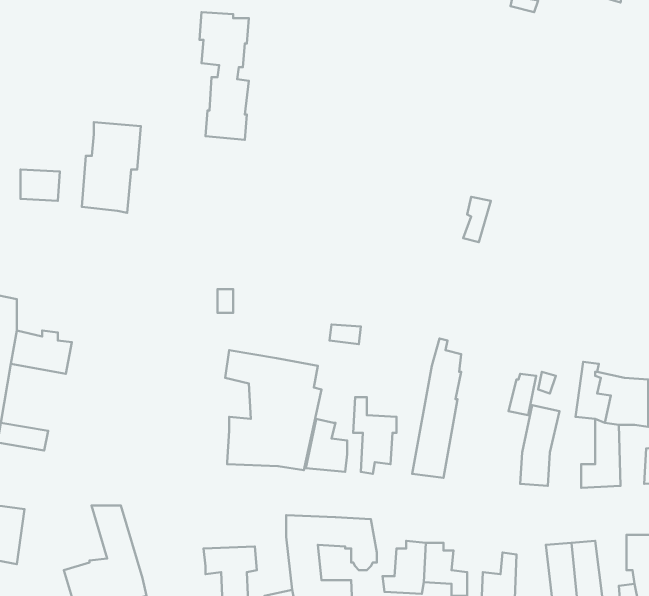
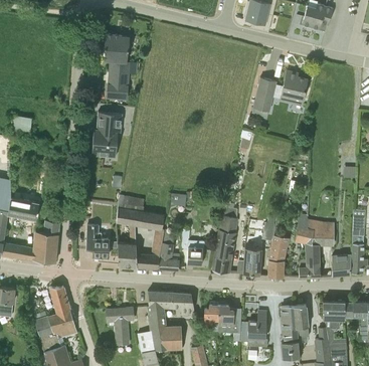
building: none -> [253,70,307,117]
building: [82,122,141,213] -> [91,111,122,157]
building: none -> [32,219,59,261]
building: none -> [86,224,109,255]
building: none -> [242,247,260,273]

